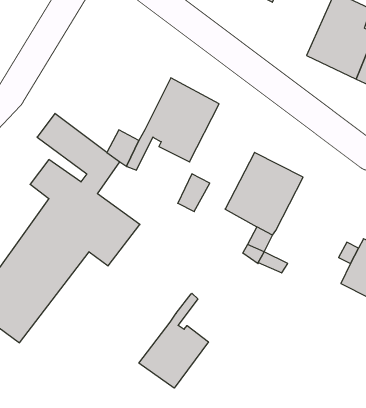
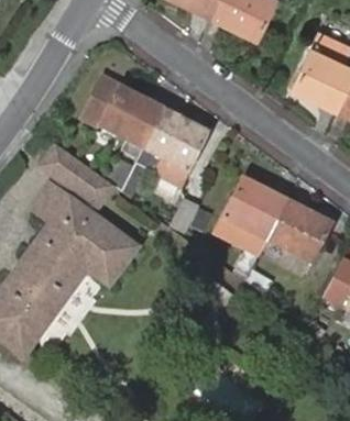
building: none -> [80,77,164,157]
building: none -> [262,201,331,263]
building: [139,293,208,388] -> none

